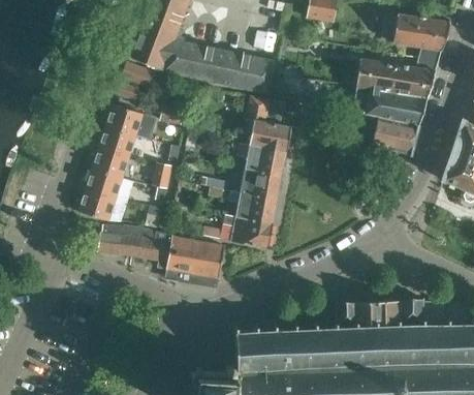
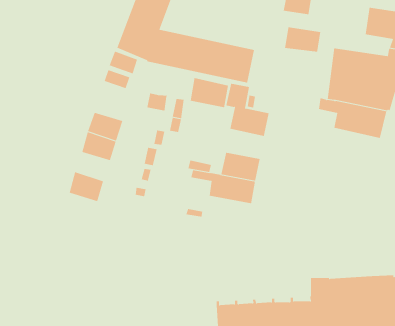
building: none -> [285,26,321,53]
building: [106,103,145,135] -> none
building: [246,144,287,176] -> [190,78,229,108]
building: [86,169,124,200] -> none
building: [226,215,274,248] -> none
building: [98,224,226,287] -> none

